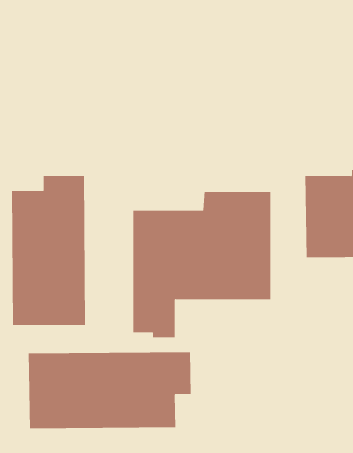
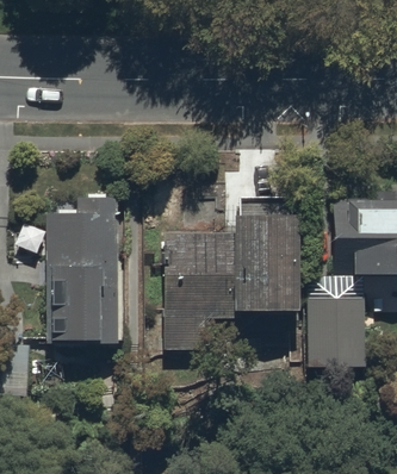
building: none -> [306,297,364,366]
building: [28,352,191,429] -> none

